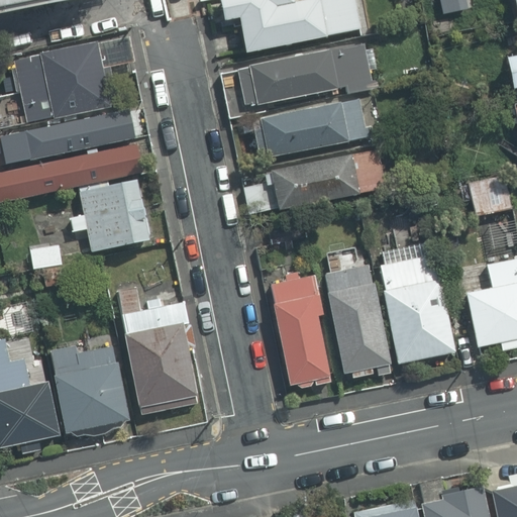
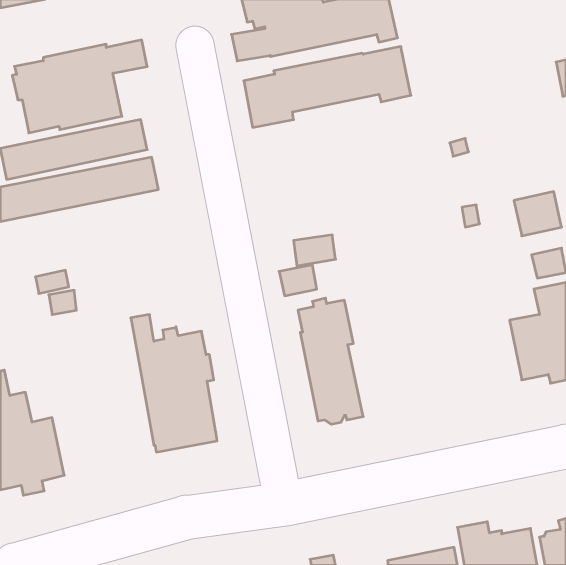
building: [253,97,374,157] -> none
building: [246,148,385,211] -> none
building: [78,179,150,250] -> none
building: [381,253,455,363] -> none
building: [325,264,390,376] -> none
building: [53,344,130,435] -> none

